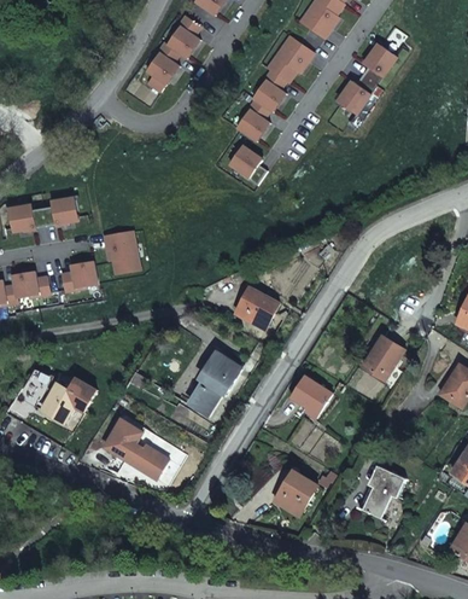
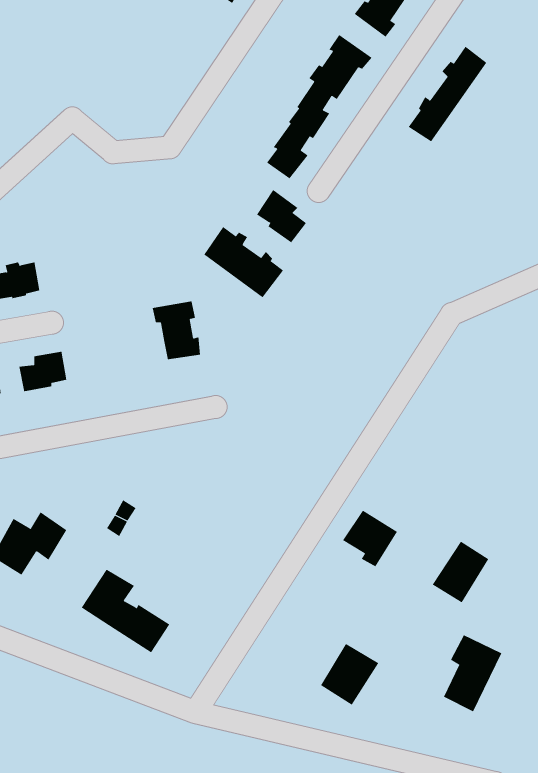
building: [146,16,198,89] -> none
building: none -> [203,226,284,298]
building: [101,229,136,272] -> [152,301,201,360]
building: [236,285,276,325] -> none
building: [362,335,403,379] -> [432,541,489,603]
building: [188,351,239,413] -> none

